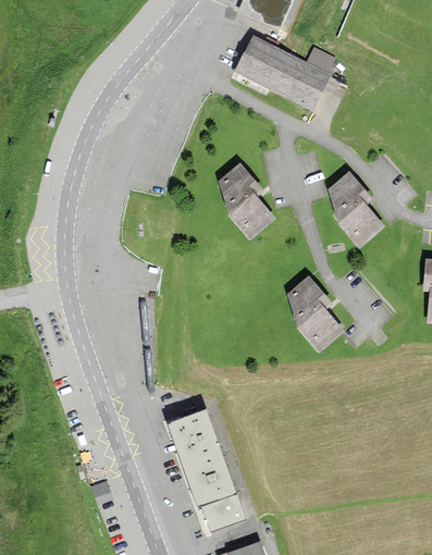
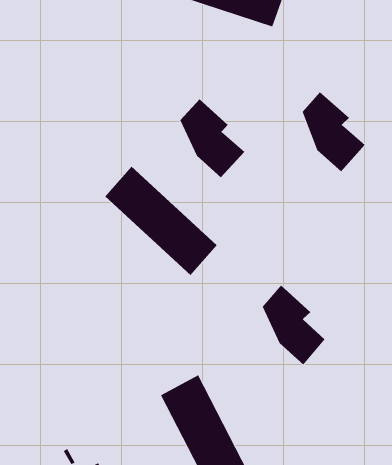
building: none -> [105,166,218,276]
building: [287,275,341,350] -> [262,285,326,365]

